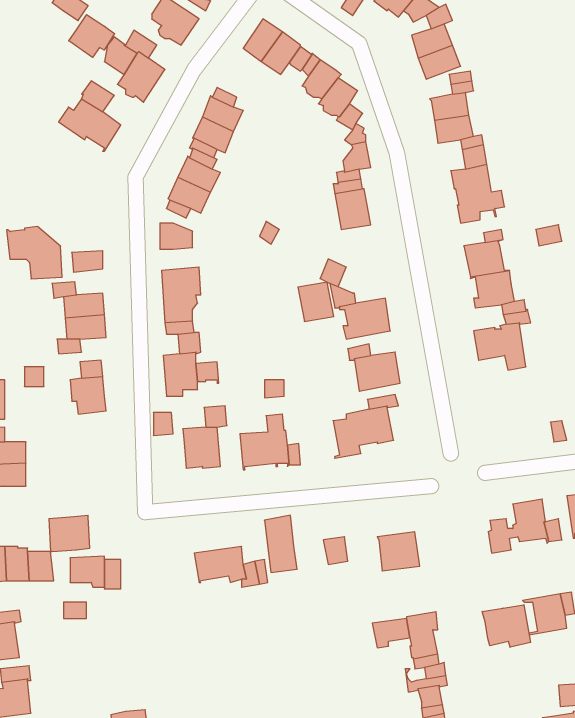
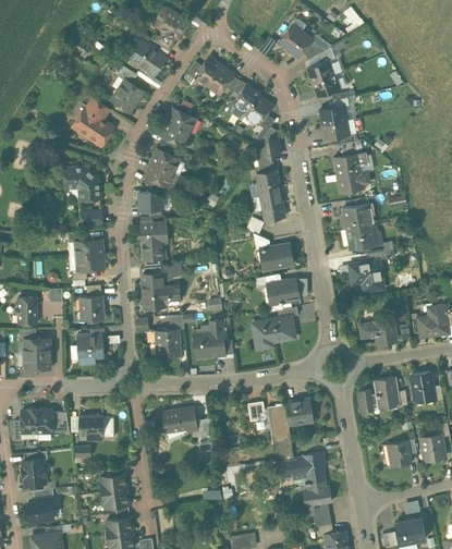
building: [69,15,115,57] -> none
building: [7,227,62,279] -> [63,167,100,202]
building: [298,282,334,321] -> [260,195,284,221]
building: none -> [359,319,396,345]
building: [264,515,297,572] -> [268,405,290,443]
building: [49,515,90,551] -> [76,335,103,359]
building: [482,605,531,647] -> none
building: none -> [100,475,129,509]

